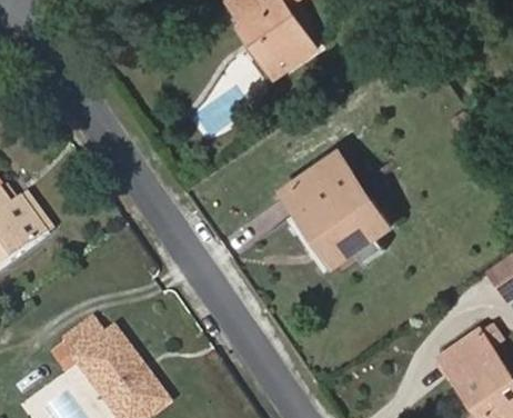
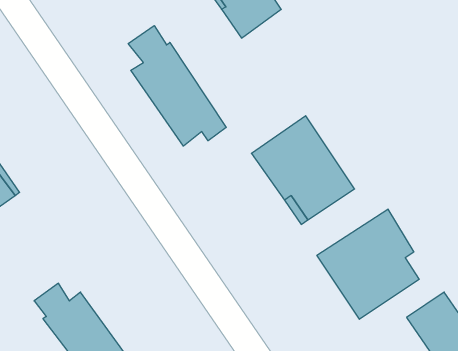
building: none -> [128,26,226,146]
building: none -> [317,209,419,319]

